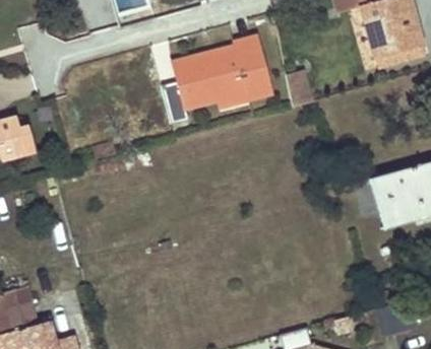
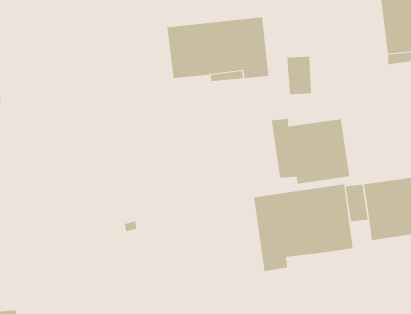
building: none -> [271,118,350,184]
building: none -> [253,184,353,272]

